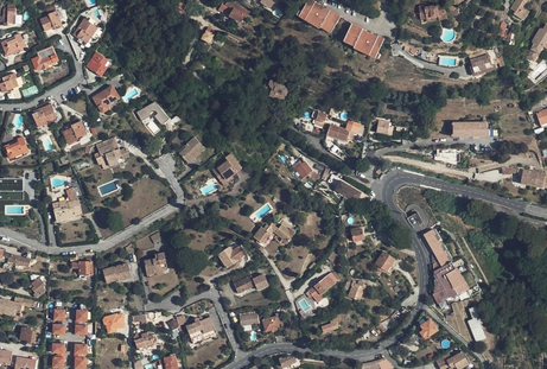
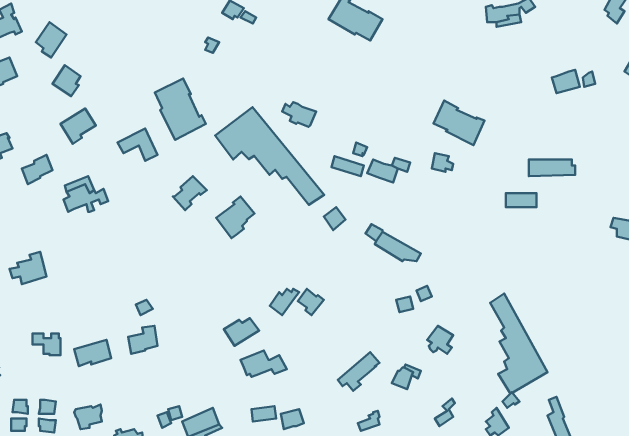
building: [343,24,382,58] -> [433,100,484,145]
building: none -> [155,78,206,140]
building: none -> [215,107,324,205]

